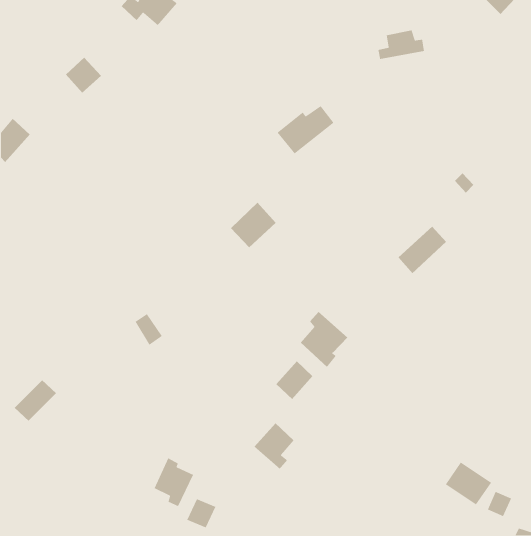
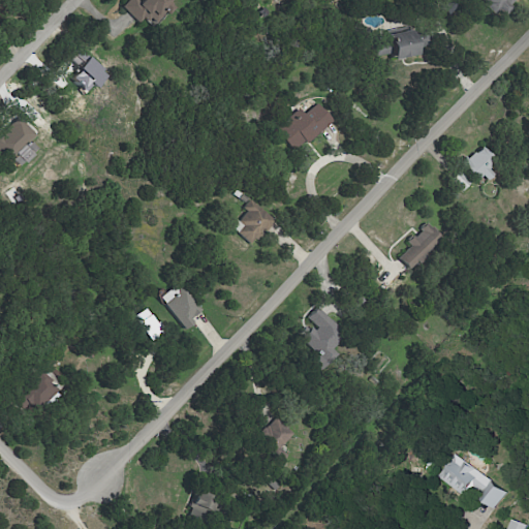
building: none -> [463,144,500,181]
building: none -> [165,283,203,329]
building: [276,361,313,400] -> none
building: [153,457,194,507] -> none

